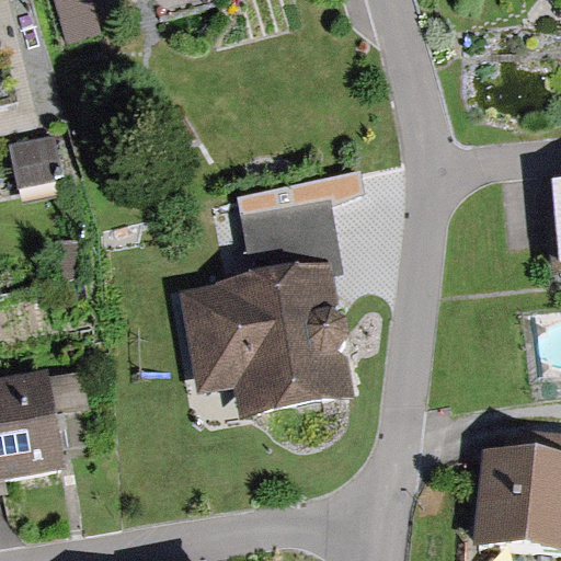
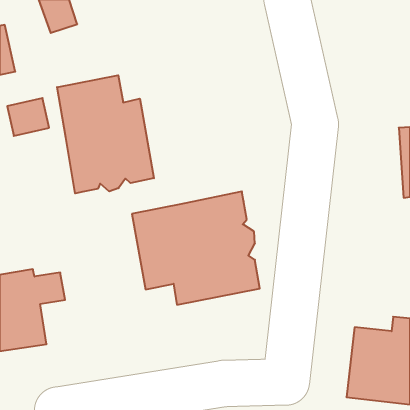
building: none -> [57,75,154,193]
building: [237,171,364,277] -> none

